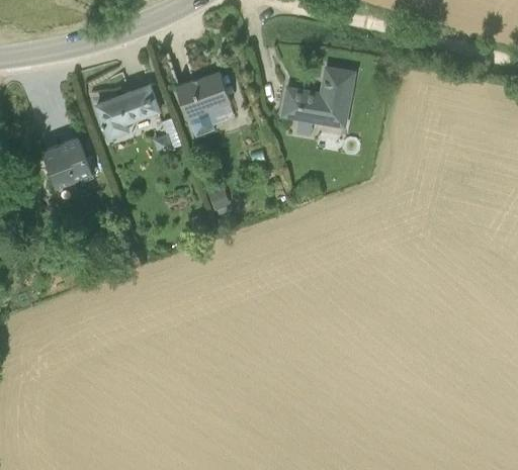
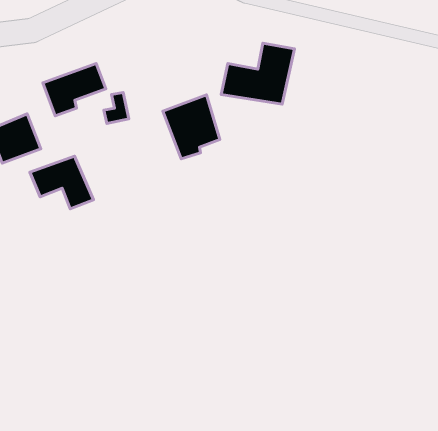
building: [175,70,235,136] -> [163,95,220,159]
building: none -> [30,156,94,209]

